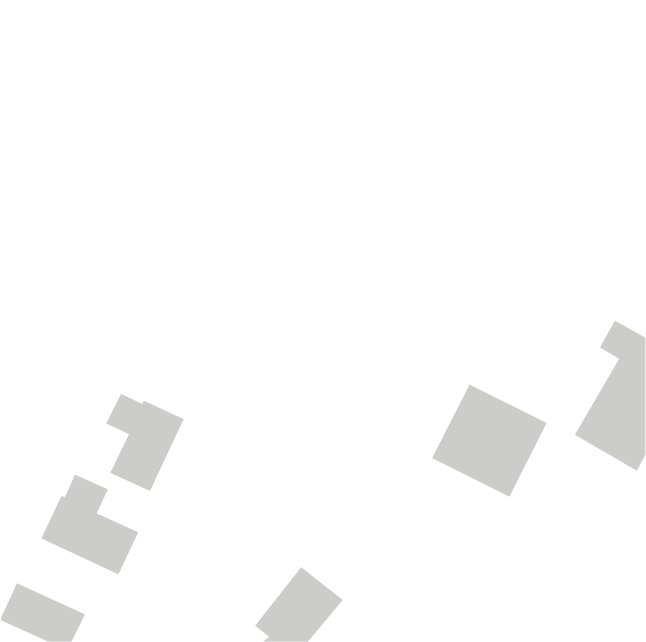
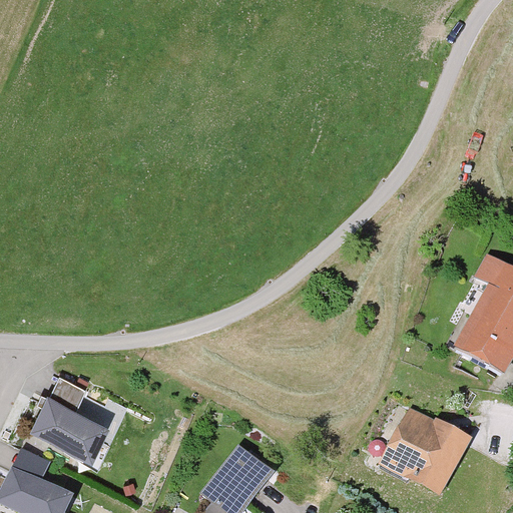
building: [431,384,548,497] -> [379,407,471,497]
building: [105,393,184,492] -> none

